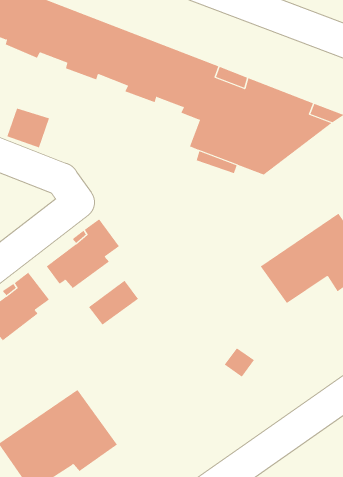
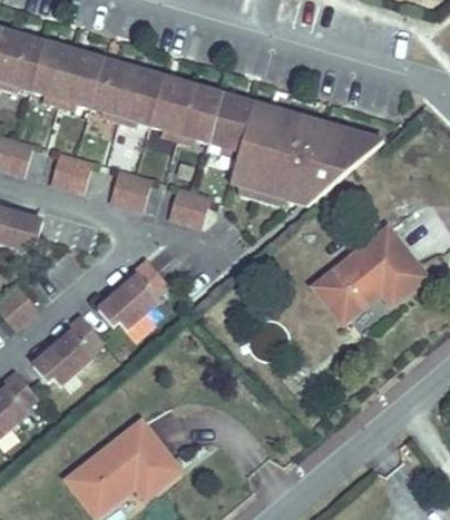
building: none -> [108,170,149,208]
building: none -> [167,187,208,225]
building: [88,280,139,326] -> none

